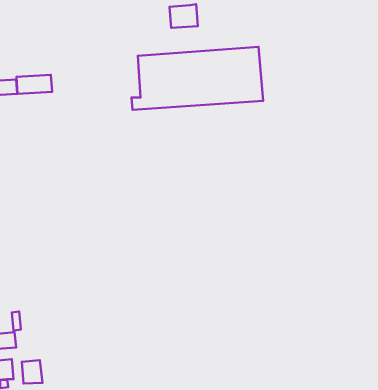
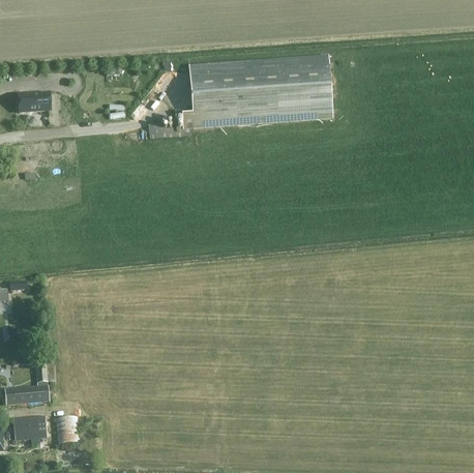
building: [170,4,198,28] -> none
building: [16,75,52,94] -> none

